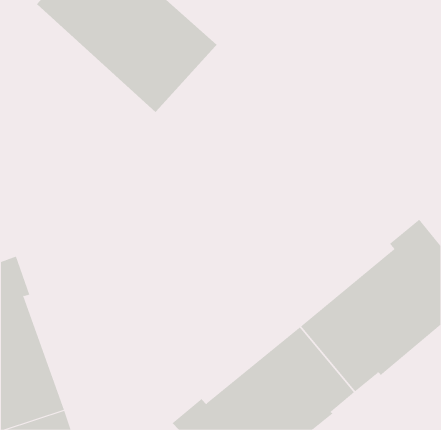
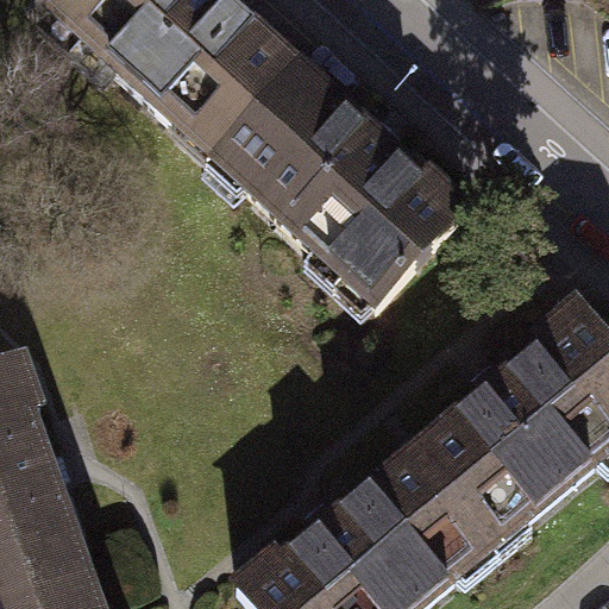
building: none -> [215,64,466,302]

